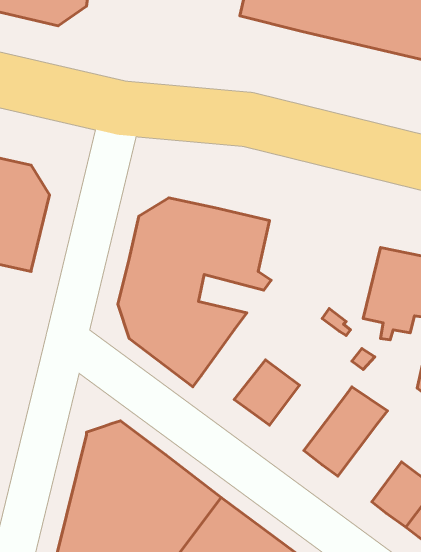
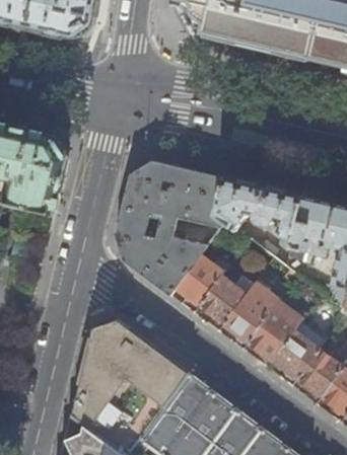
building: none -> [214,177,301,247]
building: none -> [174,255,226,305]
building: none -> [222,282,278,342]
building: none -> [271,322,325,378]

